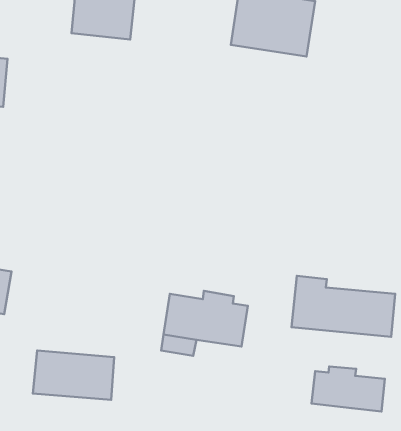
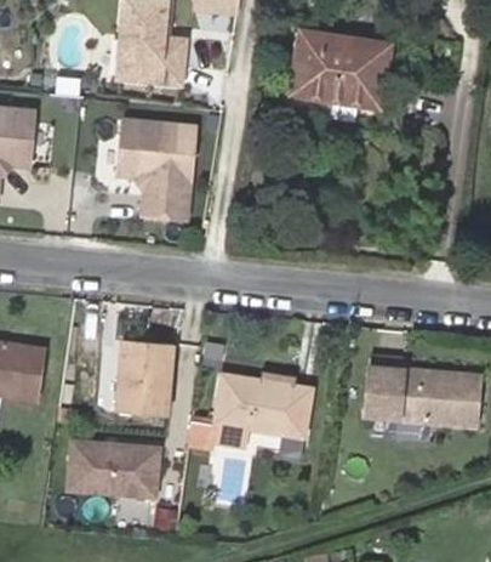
building: none -> [114,117,193,215]
building: none -> [118,340,175,415]
building: [312,367,385,411] -> none

